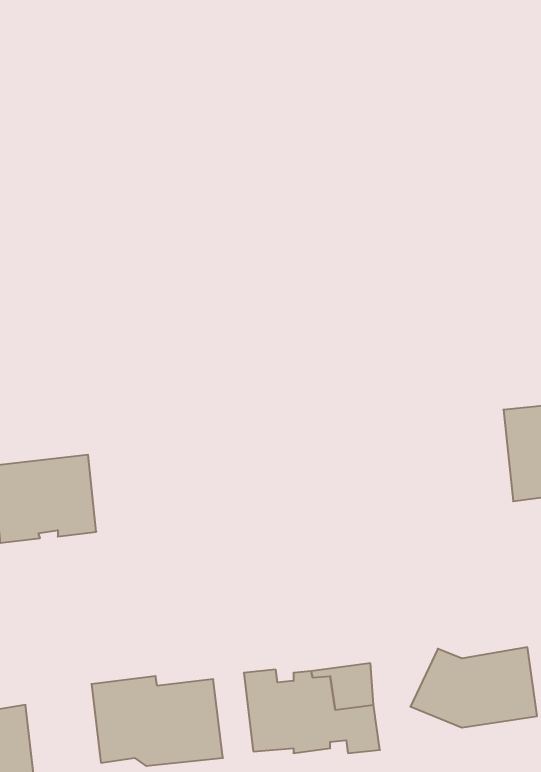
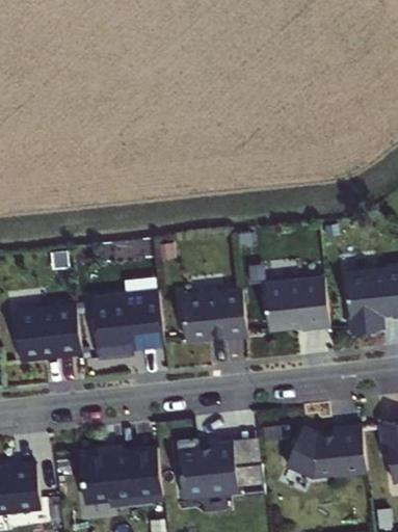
building: none -> [263,280,328,331]
building: none -> [179,290,245,342]
building: none -> [89,292,163,360]

